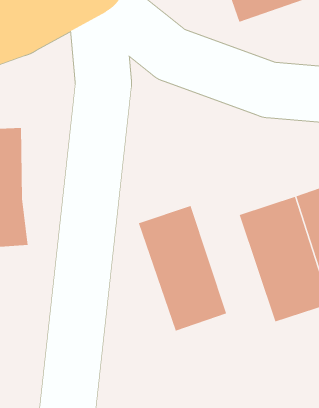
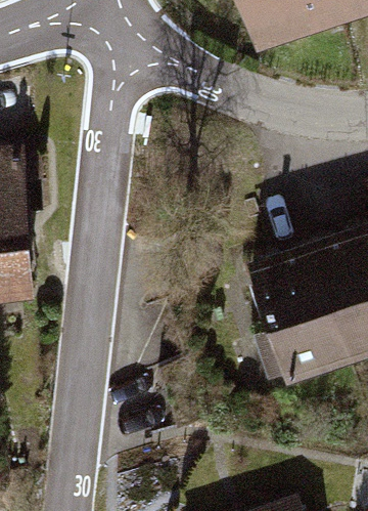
building: [138,205,227,332] -> none

